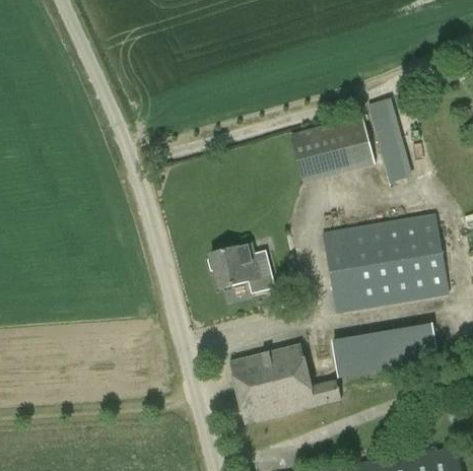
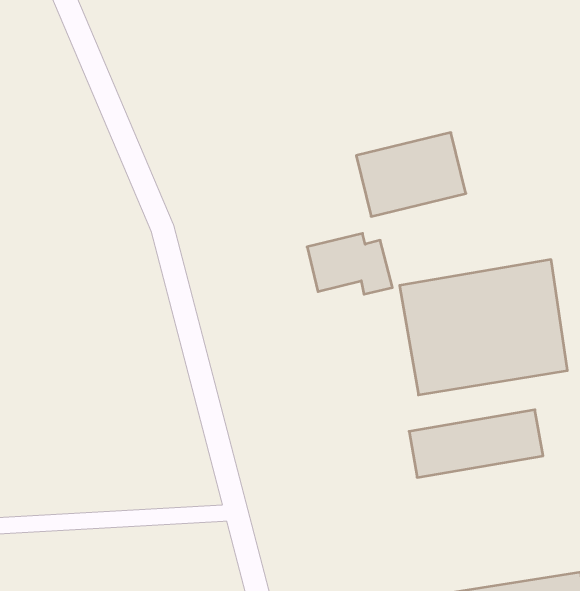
building: [366,96,412,184] -> none
building: [211,246,275,291] -> [307,233,392,294]
building: [230,344,341,423] -> none

